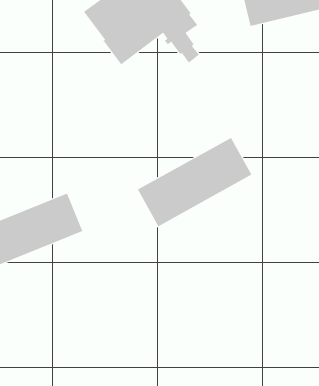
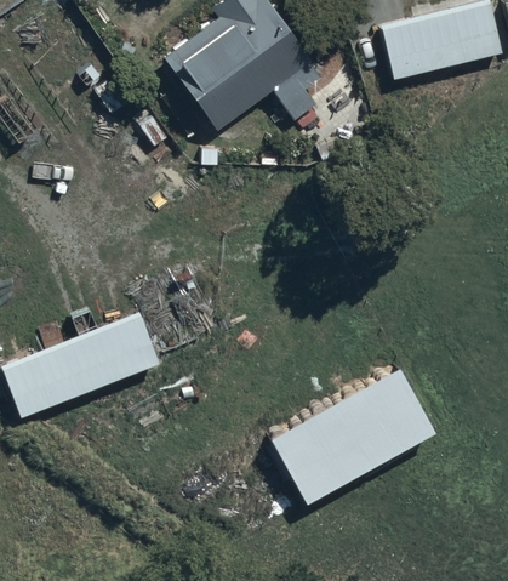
building: [137,137,252,227] -> none
building: none -> [275,368,440,505]

